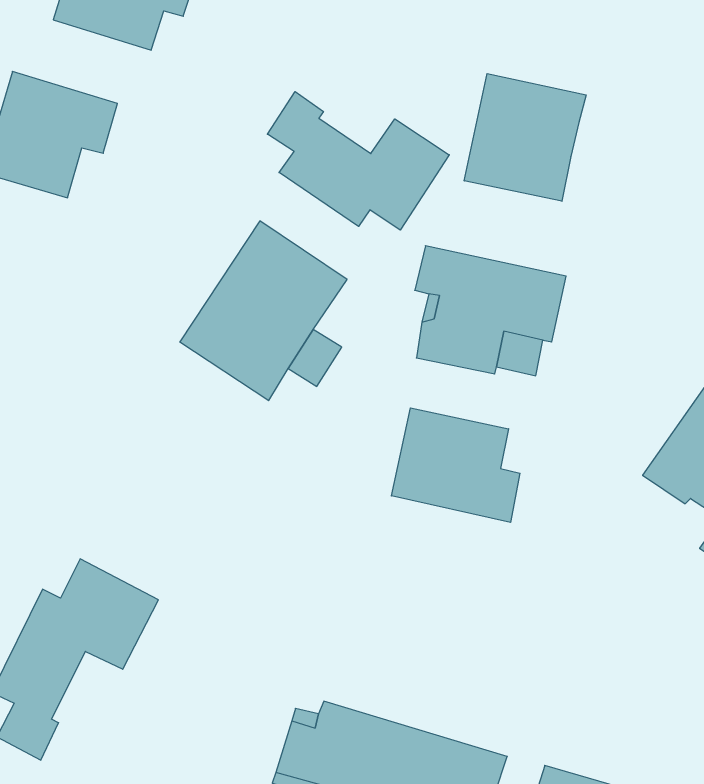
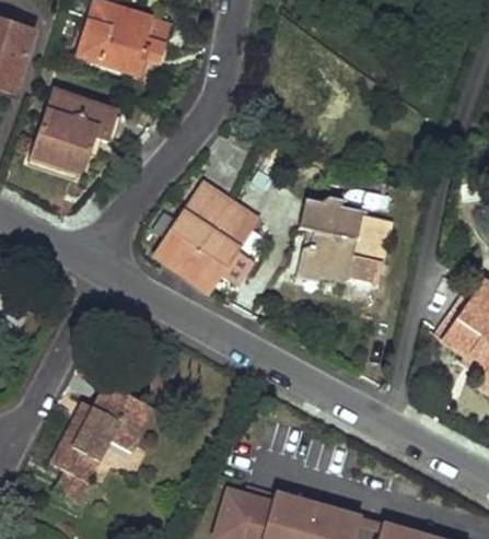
building: [464,74,586,201] -> none
building: [267,92,449,230] -> none
building: [391,408,520,522] -> none

